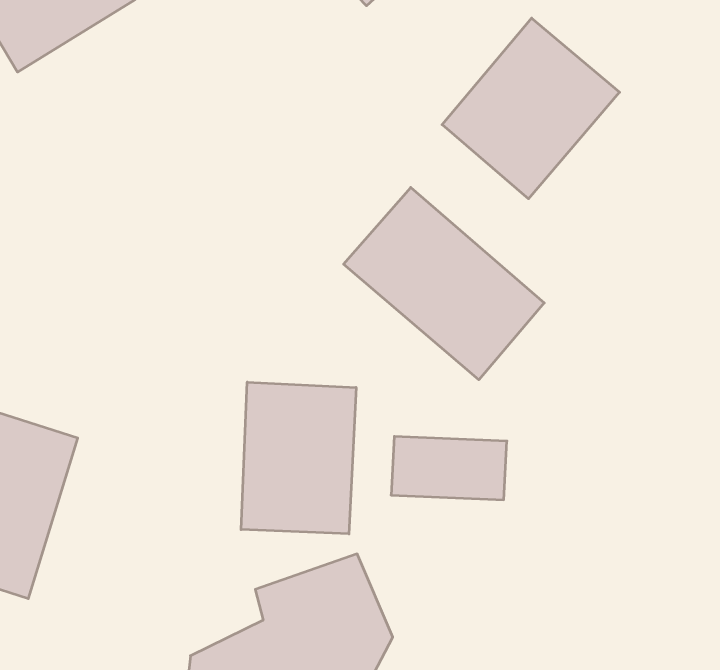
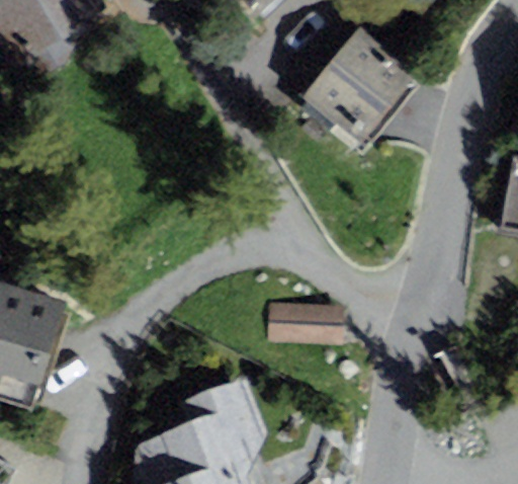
building: [344,187,544,380] -> none
building: [241,382,356,534] -> none

